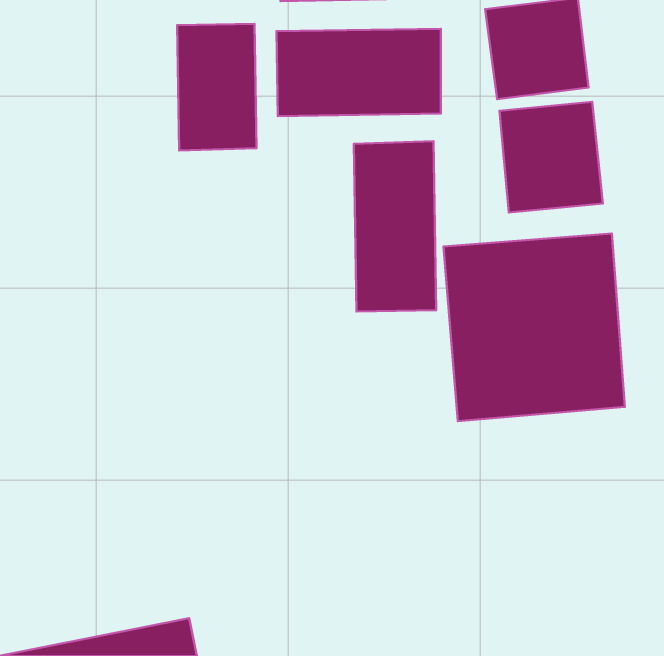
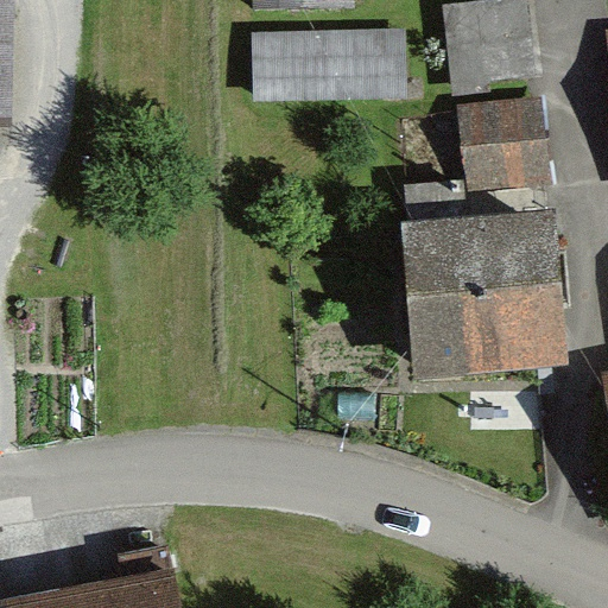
building: [177,24,256,150] -> none
building: [354,141,436,312] -> none

